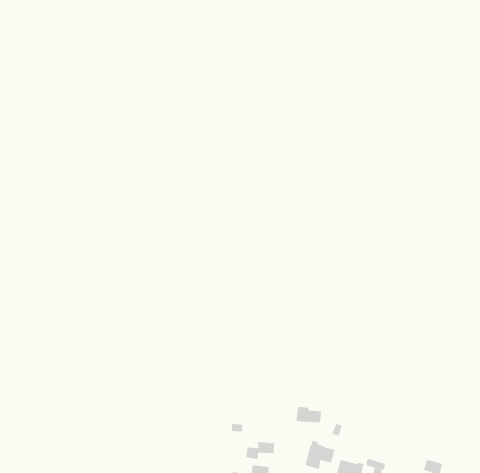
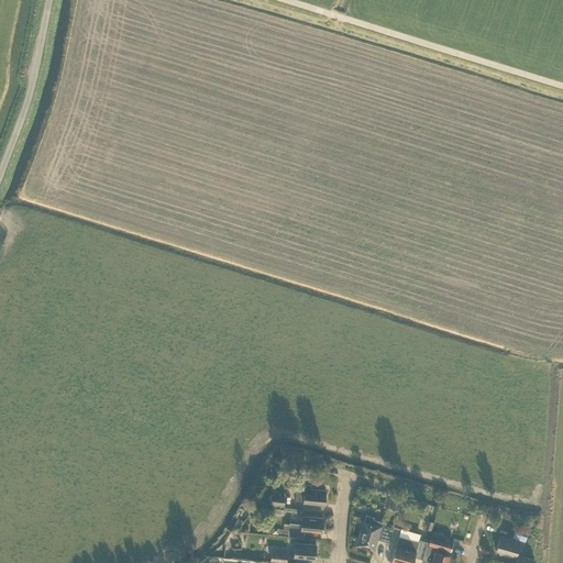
building: [295,406,322,423] -> [295,493,325,512]

